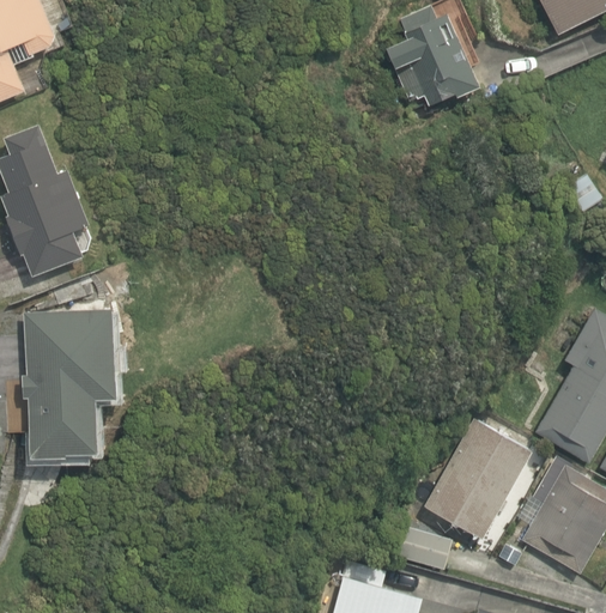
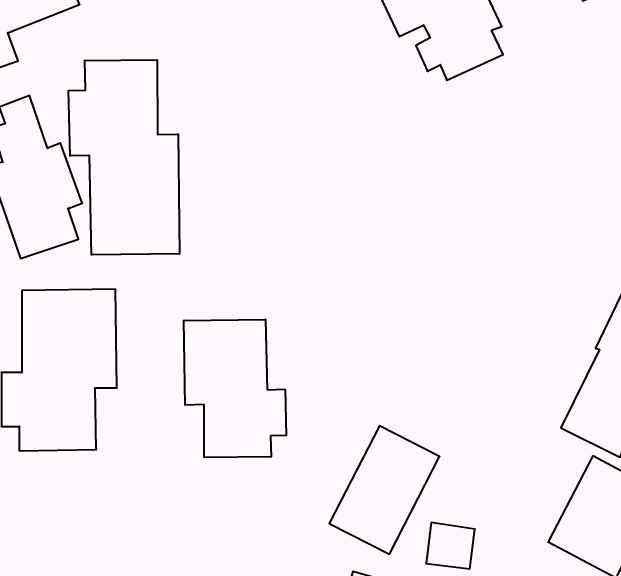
building: none -> [69,60,180,255]
building: none -> [184,319,286,457]
building: [428,418,531,538] -> [329,426,440,554]

